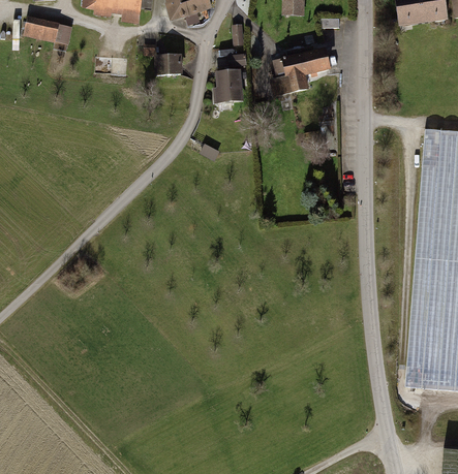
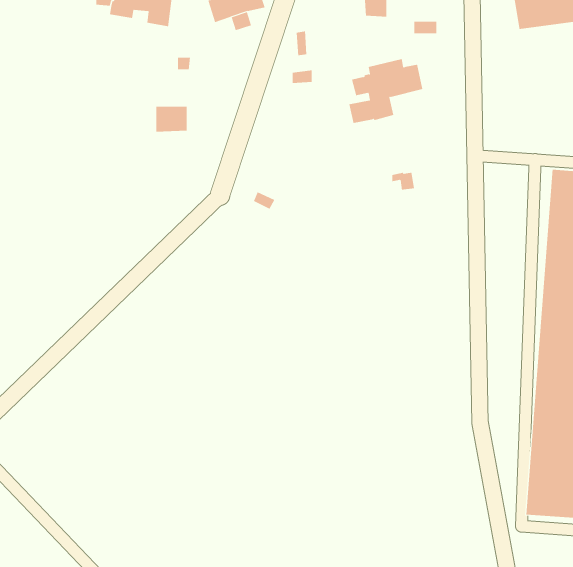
building: [25,19,71,43] -> none
building: [157,56,181,75] -> [156,106,187,132]
building: [219,72,241,100] -> none

